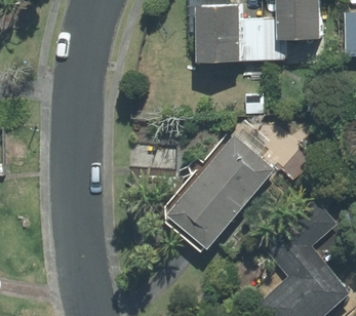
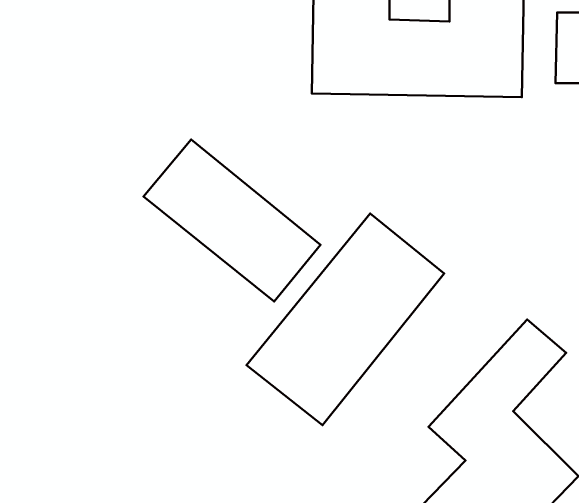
building: none -> [144,139,320,302]

